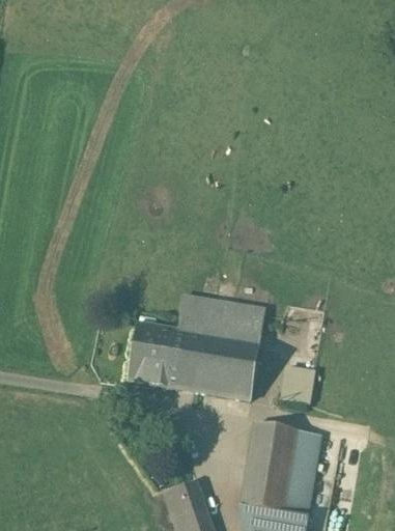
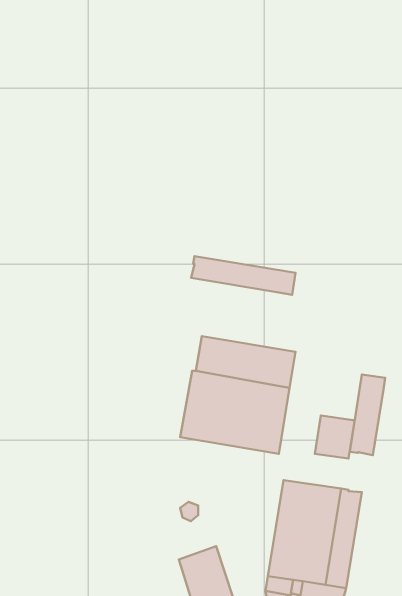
building: none -> [191,256,295,295]
building: [128,323,175,386] -> none
building: none -> [350,374,385,455]

